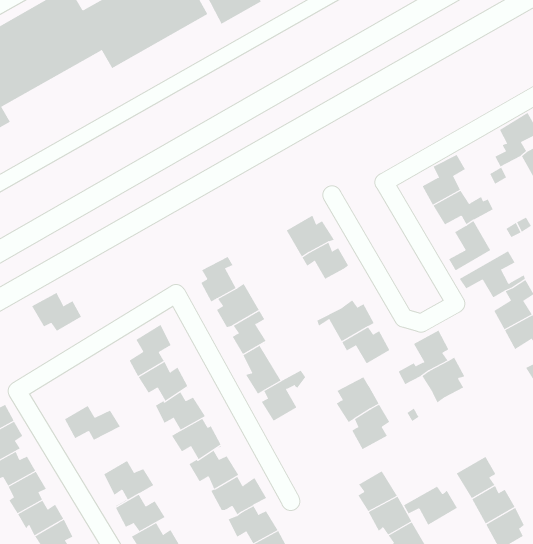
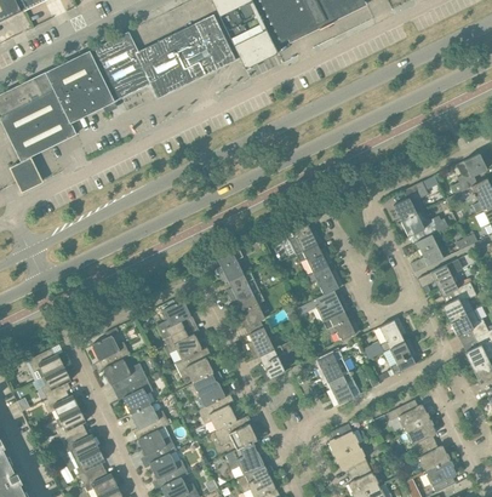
building: none -> [305,265,343,296]
building: [31,292,82,336] -> [91,335,130,369]
building: none -> [122,377,153,413]
building: [403,486,458,525] -> [387,400,429,430]

